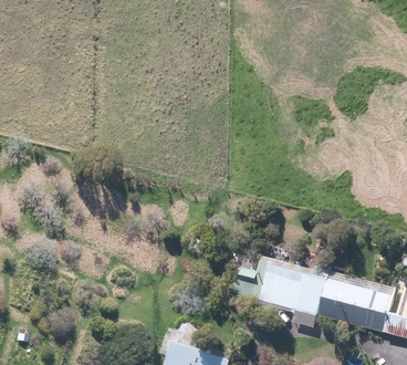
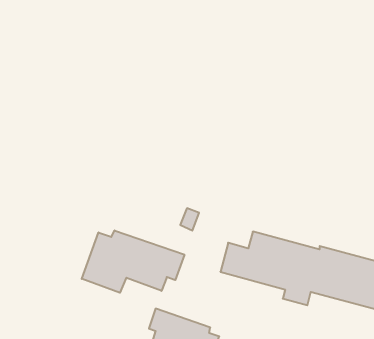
building: none -> [82,230,184,293]

